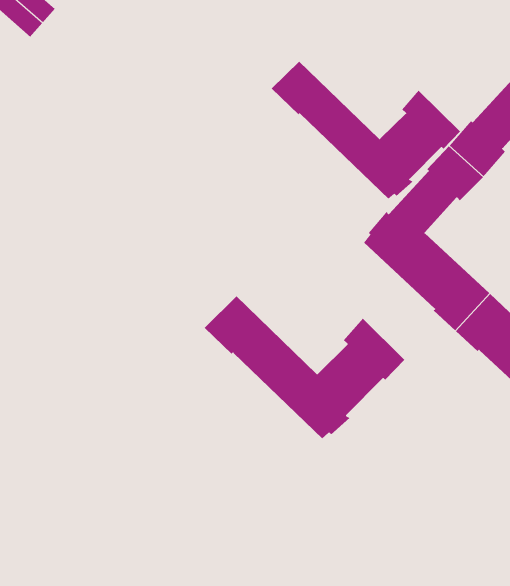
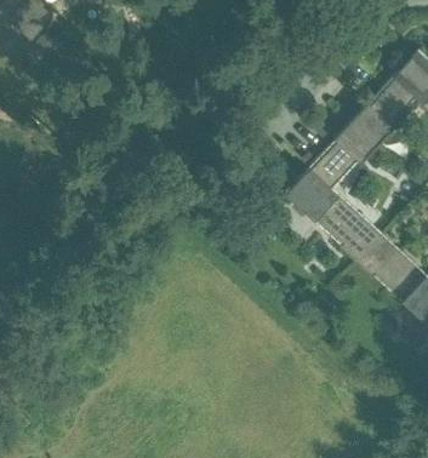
building: [271,61,461,200] -> none
building: [204,295,405,439] -> none

